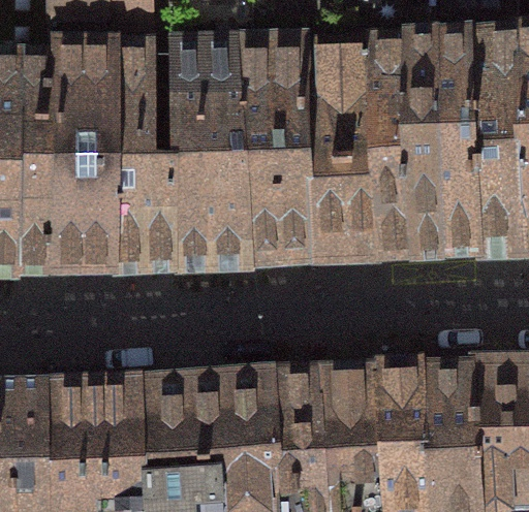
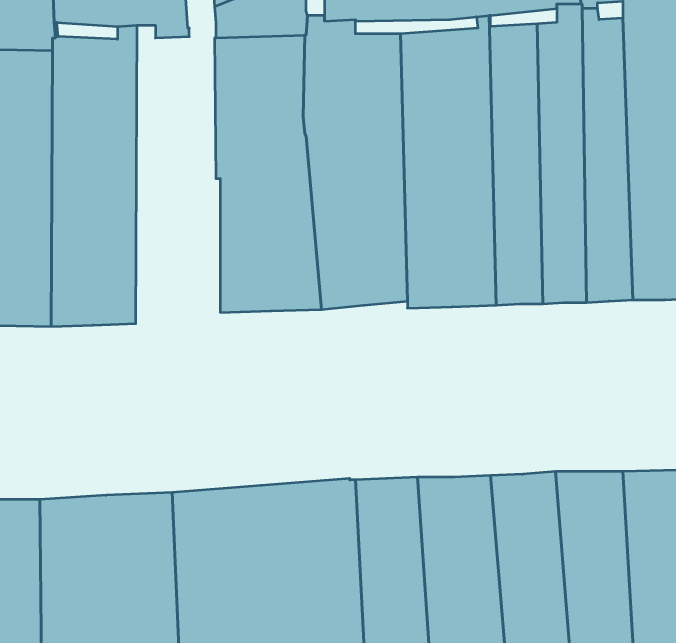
building: [114,54,176,273] -> none

